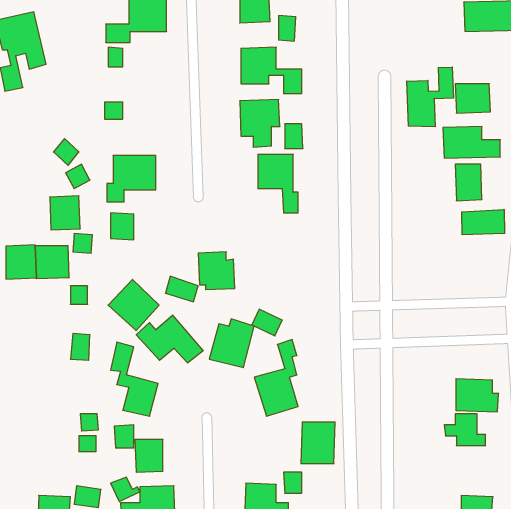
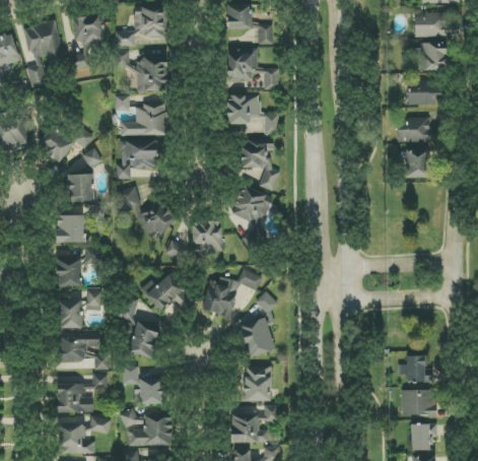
building: none -> [70,15,106,68]
building: none -> [420,42,448,70]
building: none -> [136,59,166,91]
building: [407,67,453,127] -> none
building: none -> [120,105,167,135]
building: none -> [37,126,73,161]
building: none -> [229,185,268,247]
building: [462,209,505,235] -> none
building: [6,245,36,279] -> [56,258,81,286]
building: [108,279,159,331] -> [133,197,176,240]
building: none -> [60,300,82,328]
building: [456,379,499,412] -> [401,389,436,416]
building: none -> [59,332,98,361]
building: [301,422,335,464] -> [243,367,271,401]
building: none -> [57,383,93,412]

